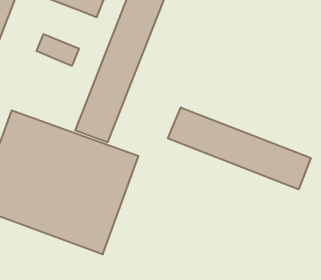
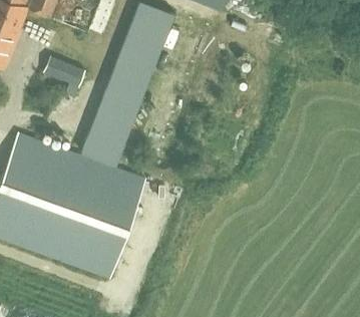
building: [168,107,311,189] -> none

